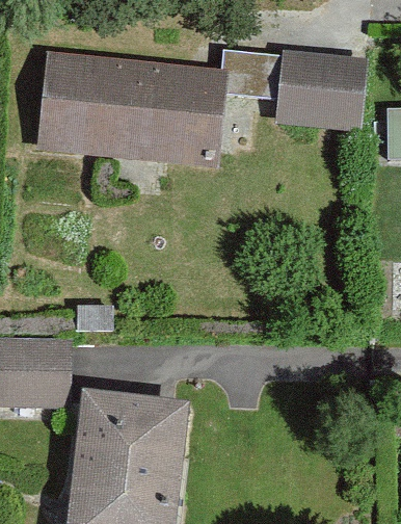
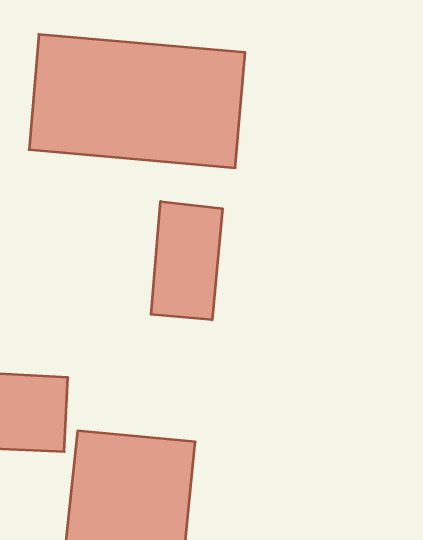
building: [276,53,366,129] -> none
building: none -> [151,201,222,320]

